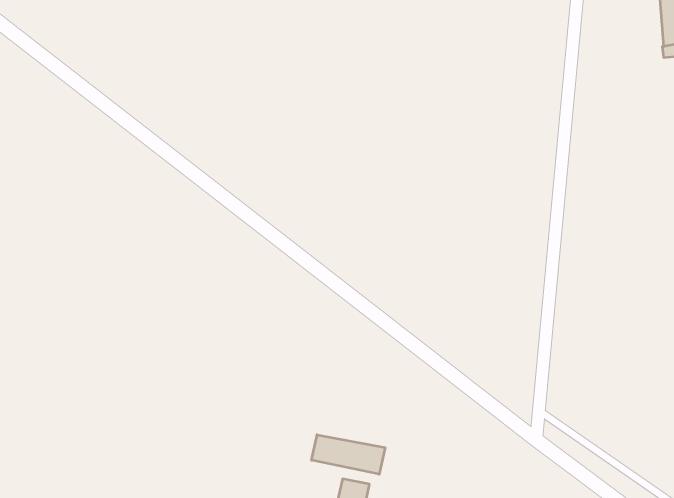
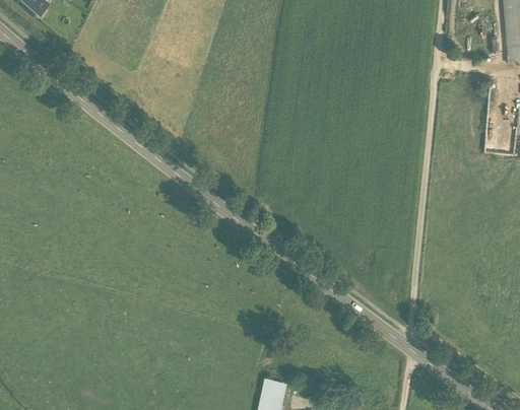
building: [312,435,385,474] -> none

